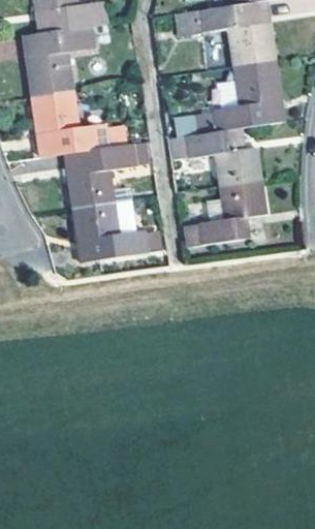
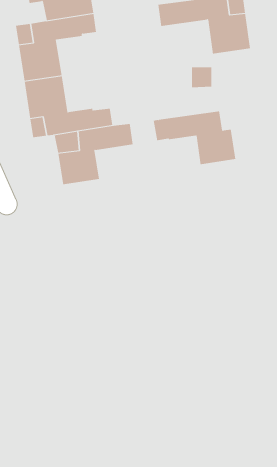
building: [171,60,283,136] -> none
building: [182,179,264,246] -> none
building: [72,200,160,261] -> none

